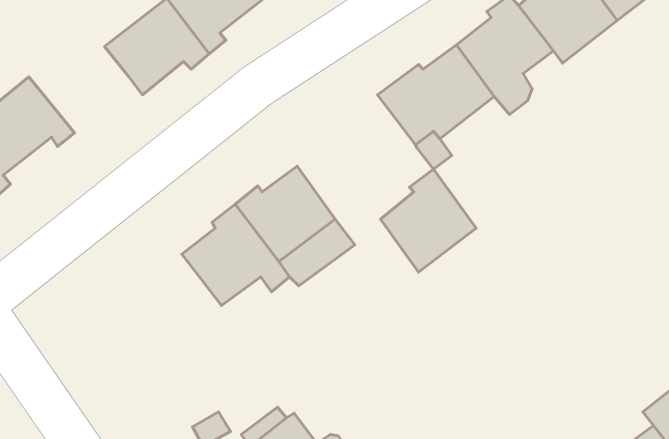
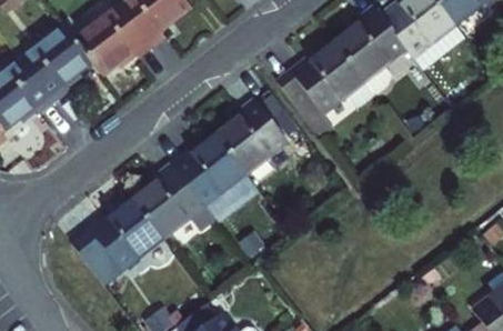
building: none -> [24,29,98,106]
building: [381,169,476,272] -> [221,93,291,169]
building: none -> [70,194,165,281]

